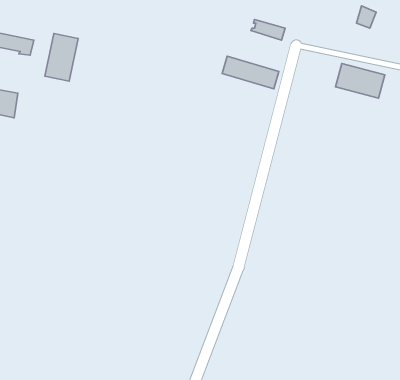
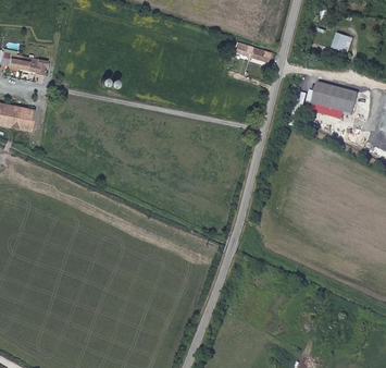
building: [45,34,78,81] -> none
building: [222,56,279,89] -> none

